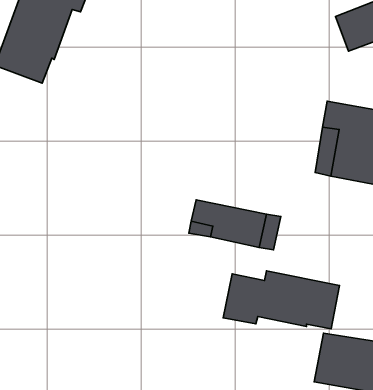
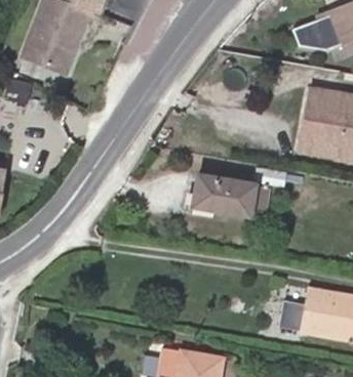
building: [223,271,339,329] -> none

